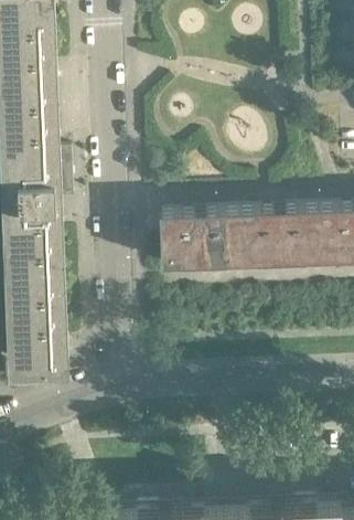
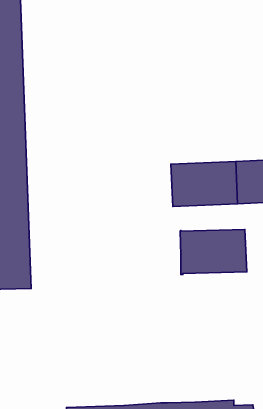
building: [157,216,238,272] -> [180,229,247,275]

